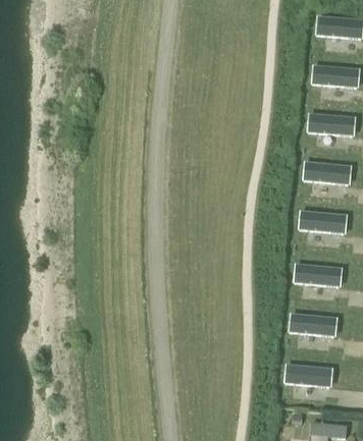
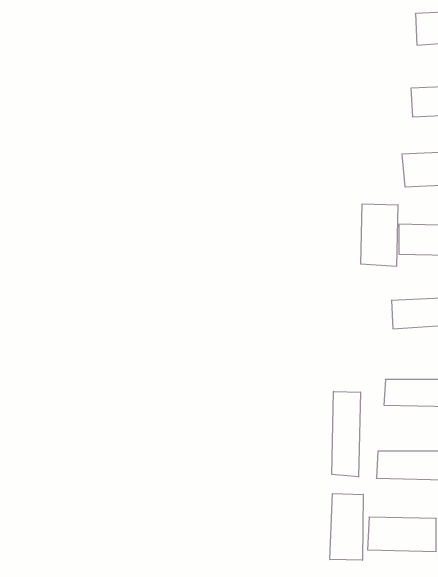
building: none -> [361,204,398,266]
building: none -> [332,391,360,477]
building: none -> [330,494,363,560]

